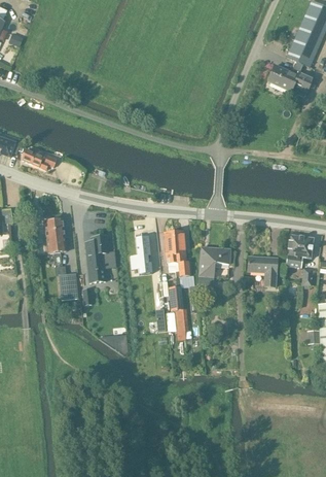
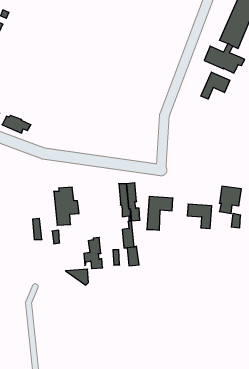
building: none -> [201,72,230,99]
building: [44,219,66,253] -> none
building: [130,236,152,274] -> [84,237,103,269]

